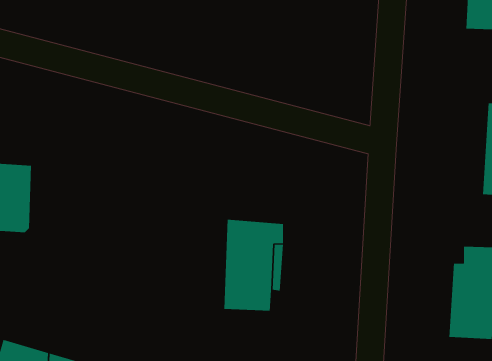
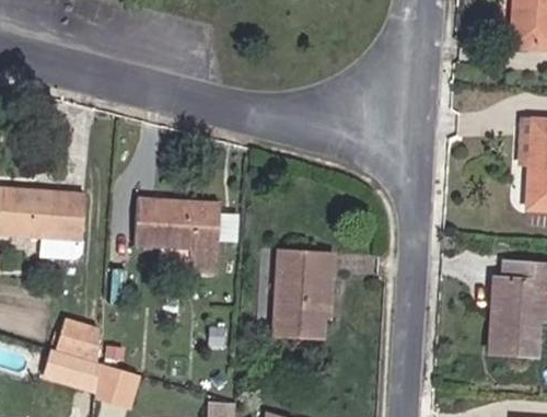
building: none -> [135,194,218,265]
building: none -> [61,332,104,375]

